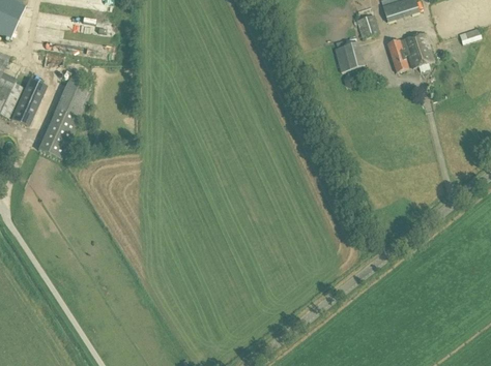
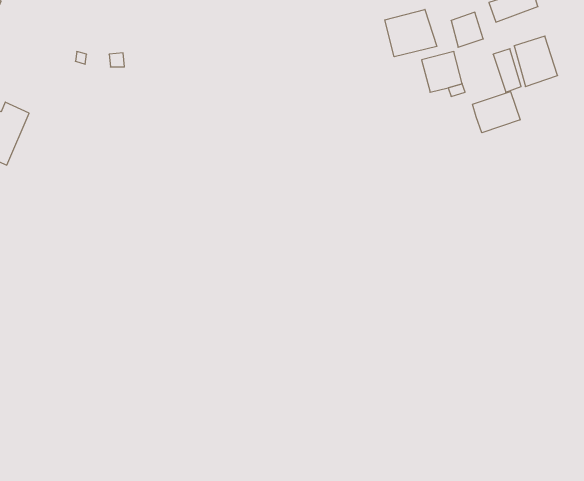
building: none -> [385,9,437,57]
building: none -> [472,92,520,133]
building: [36,77,88,159] -> none

